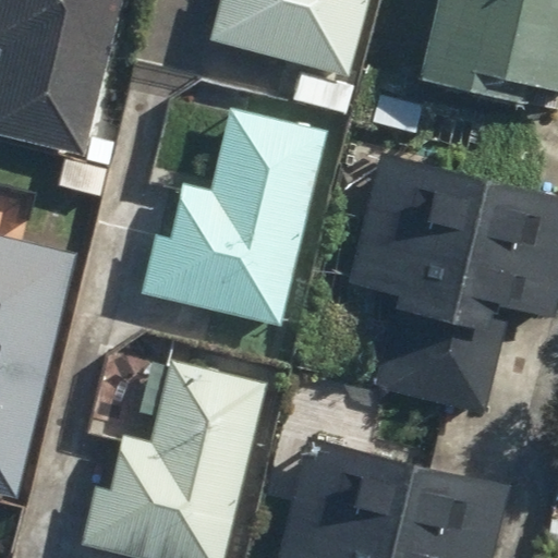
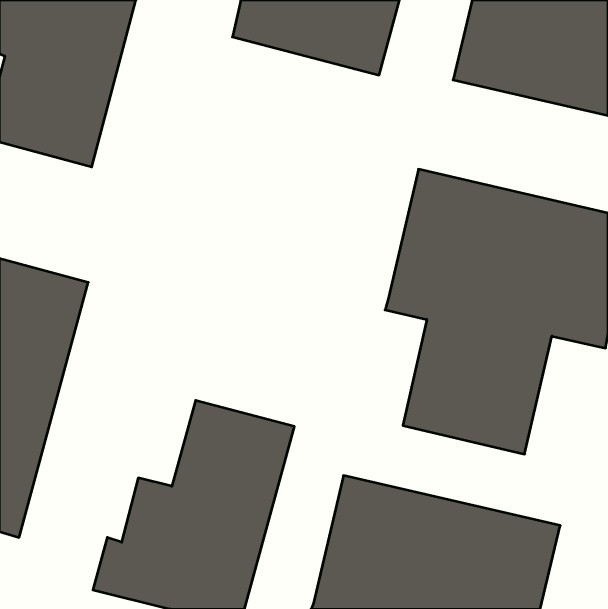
building: [142,109,325,317] -> none

